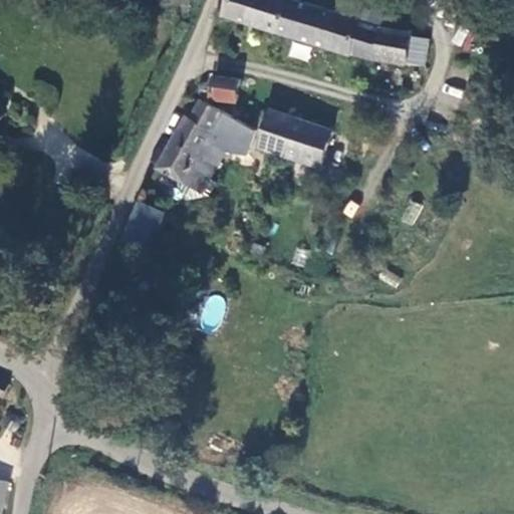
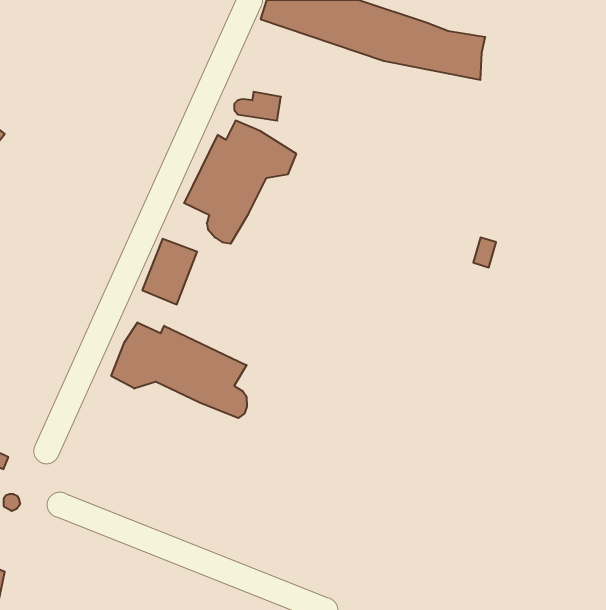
building: [255,109,329,166] -> none
building: none -> [111,322,247,418]

